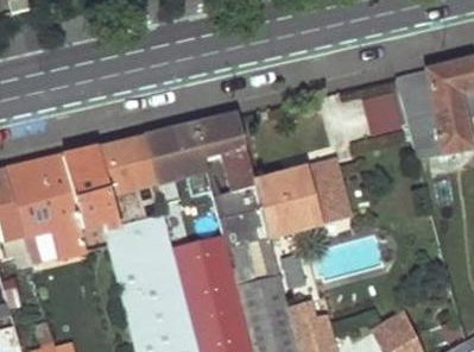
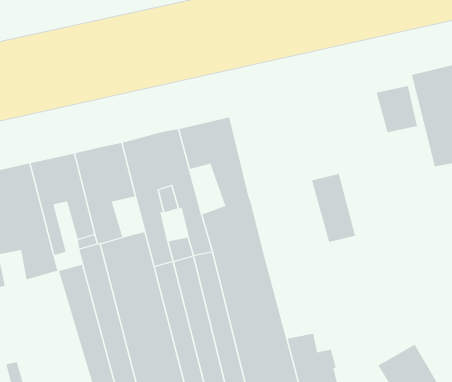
building: [255,168,326,235] -> none

